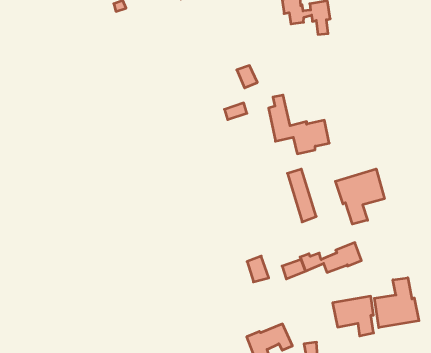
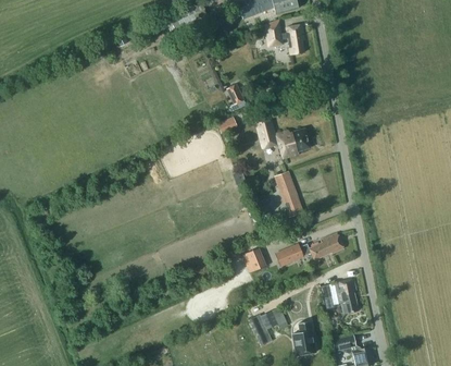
building: [335,169,384,224] -> none
building: [374,278,419,328] -> none

